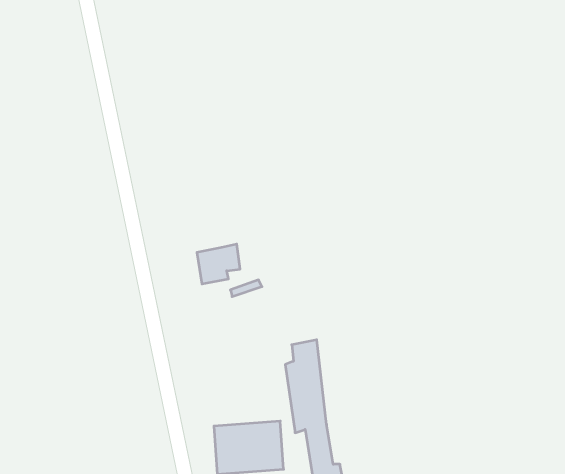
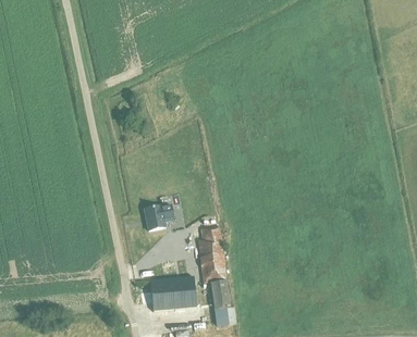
building: [197,244,240,284] -> [145,205,173,232]

